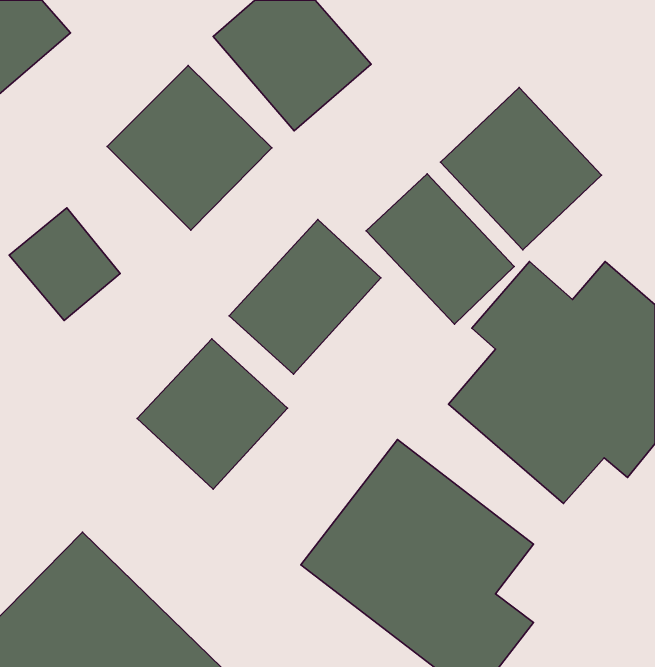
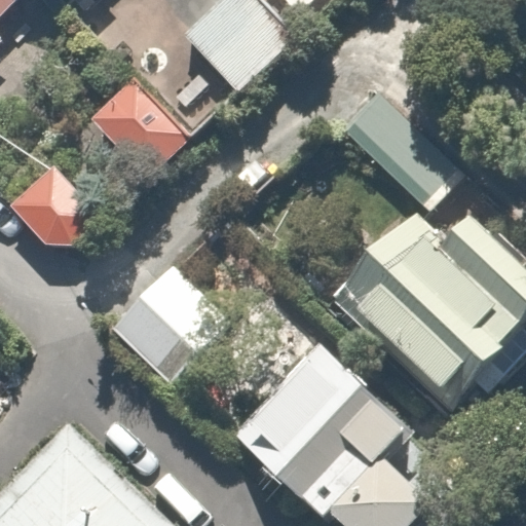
building: [366,174,514,324] -> none
building: [229,219,381,374] -> none

